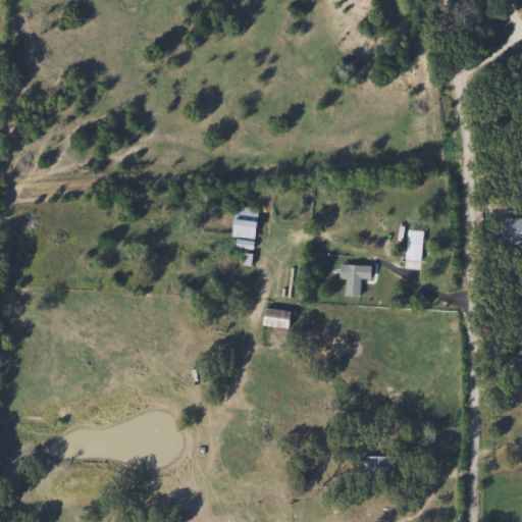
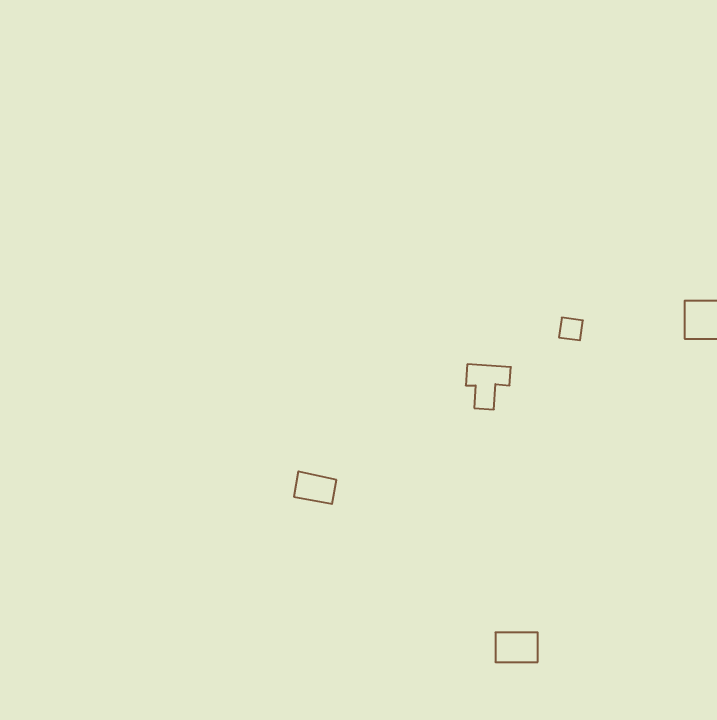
building: [231,206,258,240] -> none
building: [261,307,292,330] -> [294,471,336,504]

